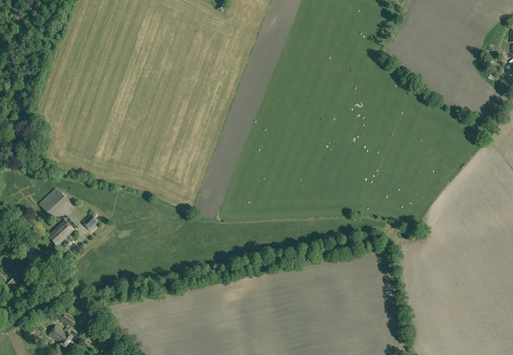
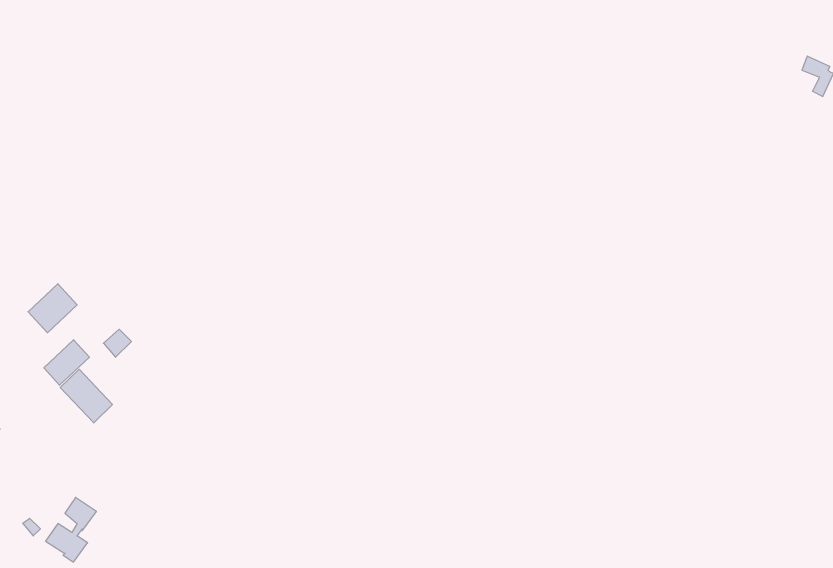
building: none -> [60,369,112,423]

